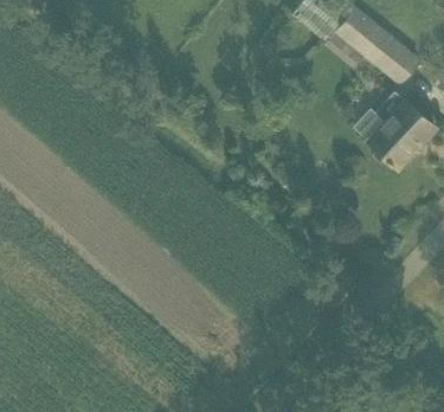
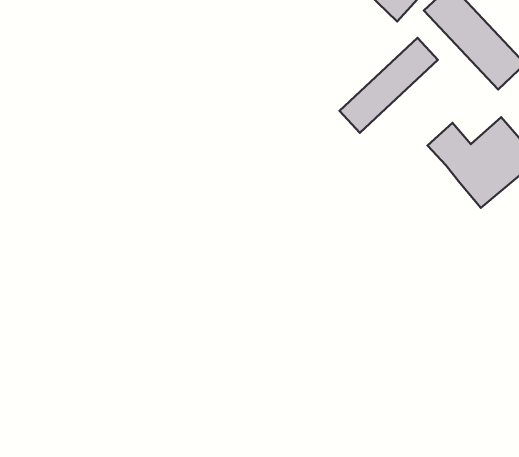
building: none -> [340,38,438,133]

